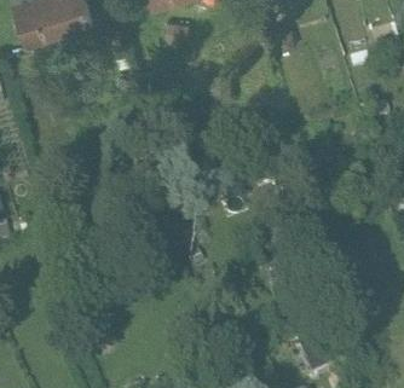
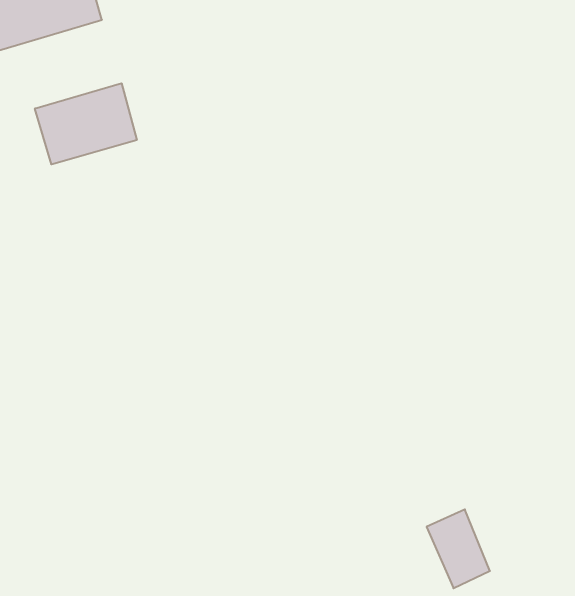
building: none -> [35,83,137,164]

